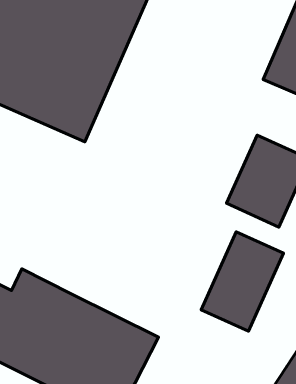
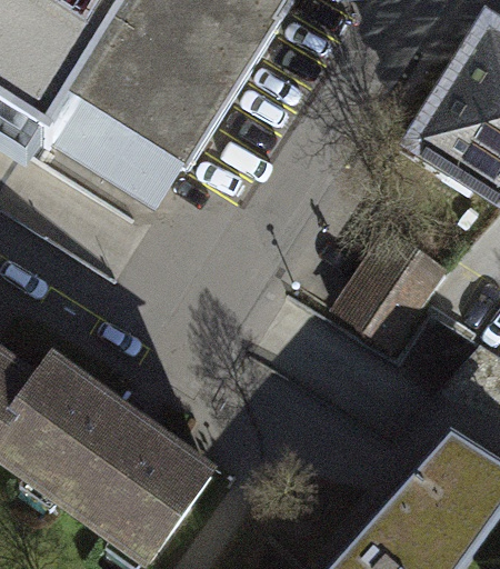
building: [201,232,284,331] -> none

